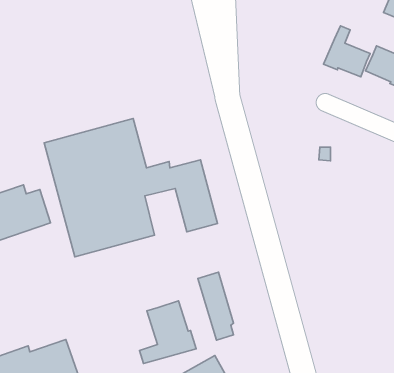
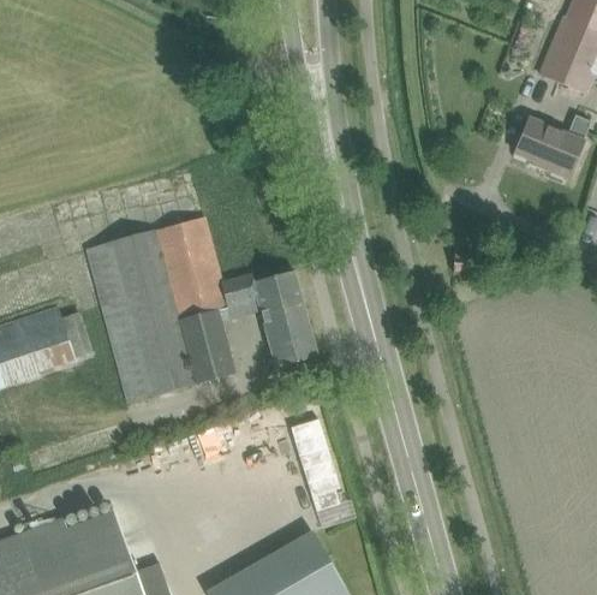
building: [324,26,370,77] -> none
building: [139,301,196,363] -> none

